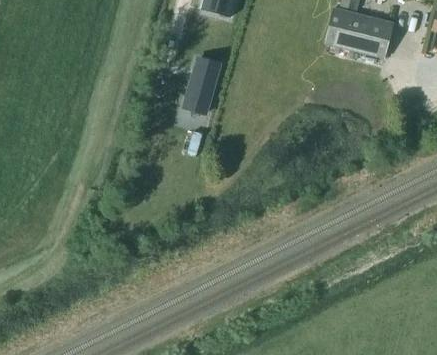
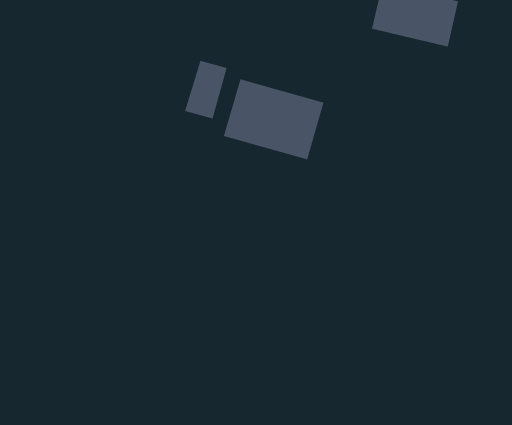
building: none -> [223,78,324,160]

